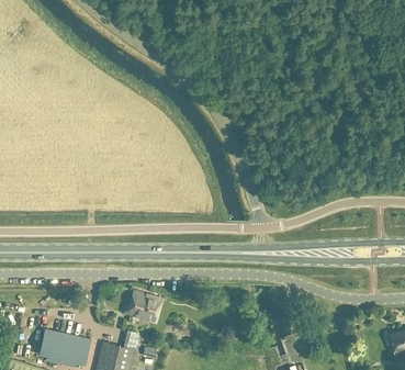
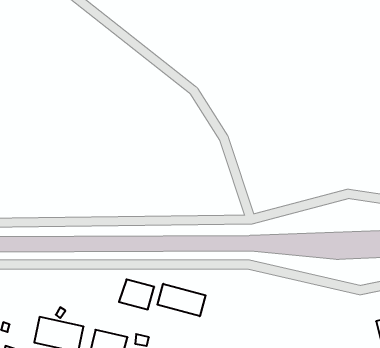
building: none -> [157,284,206,316]

